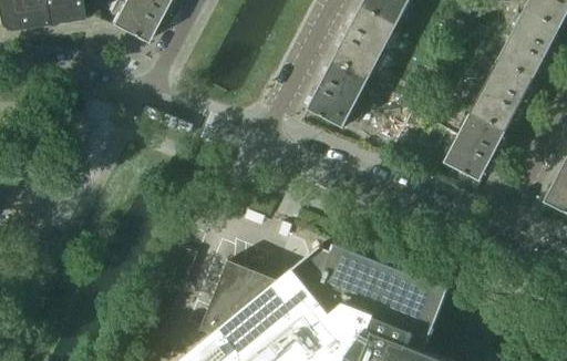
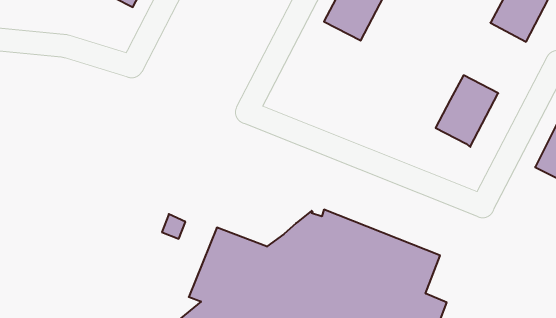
building: [307,56,370,126] -> none
building: [472,58,534,127] -> none

